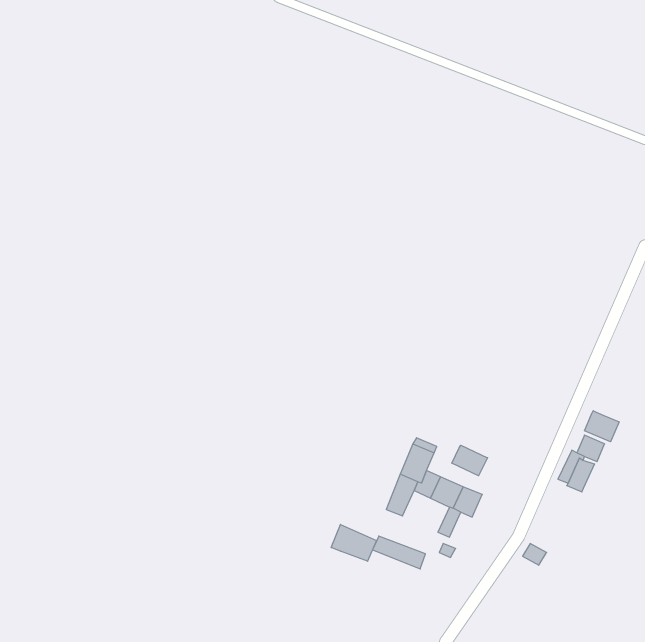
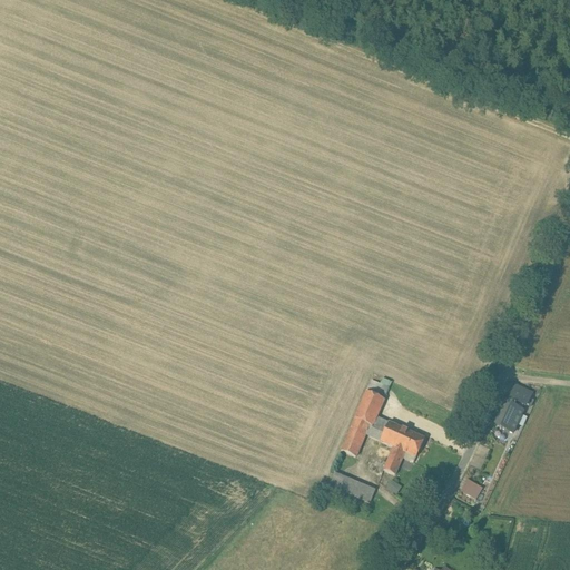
building: [585,411,619,442] -> none
building: [452,445,488,476] -> none
building: [331,524,376,561] -> none

